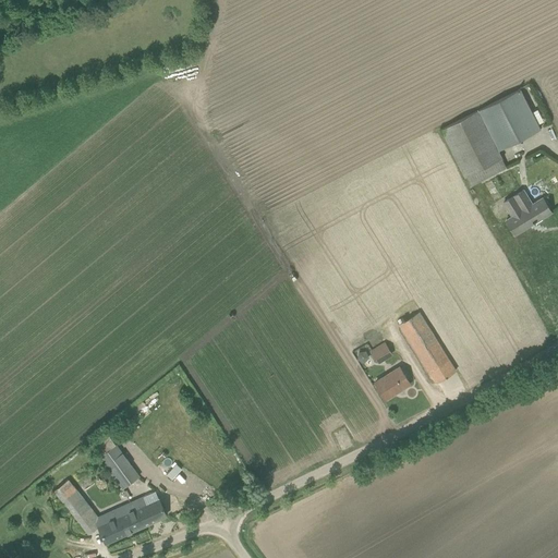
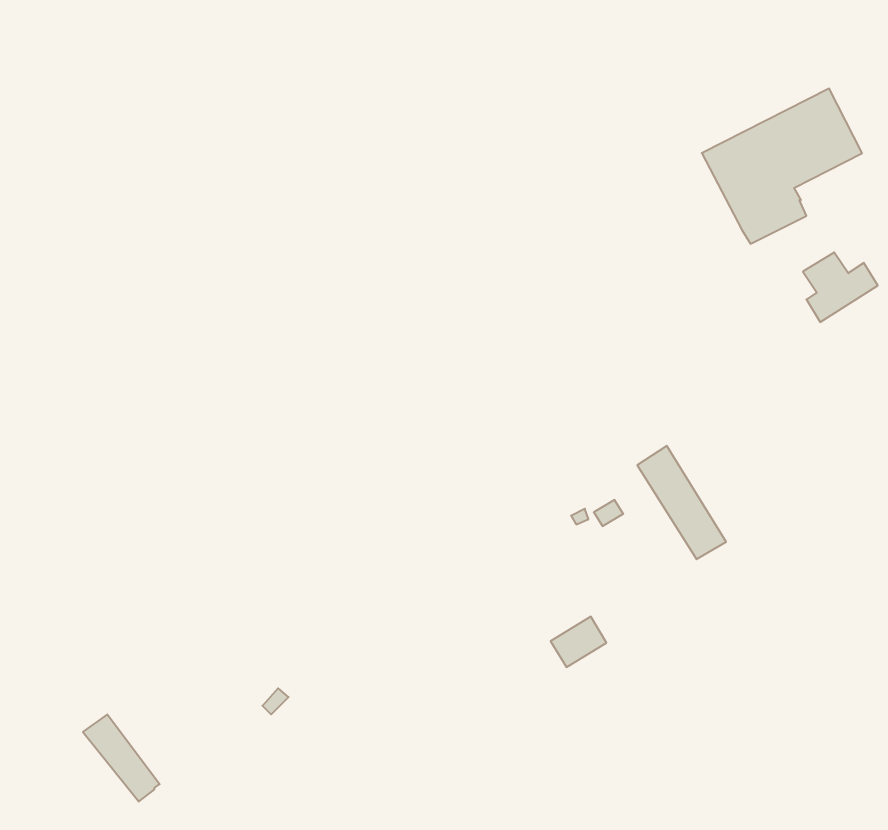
building: [375,367,410,399] -> [551,617,606,667]
building: [100,445,138,488] -> none
building: [98,492,167,543] -> none

